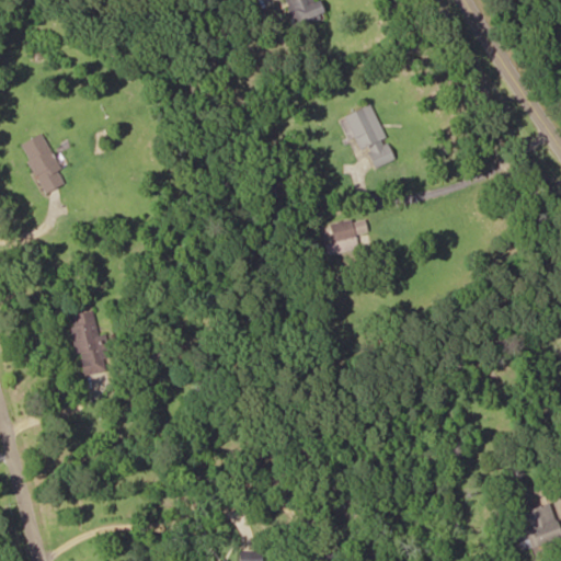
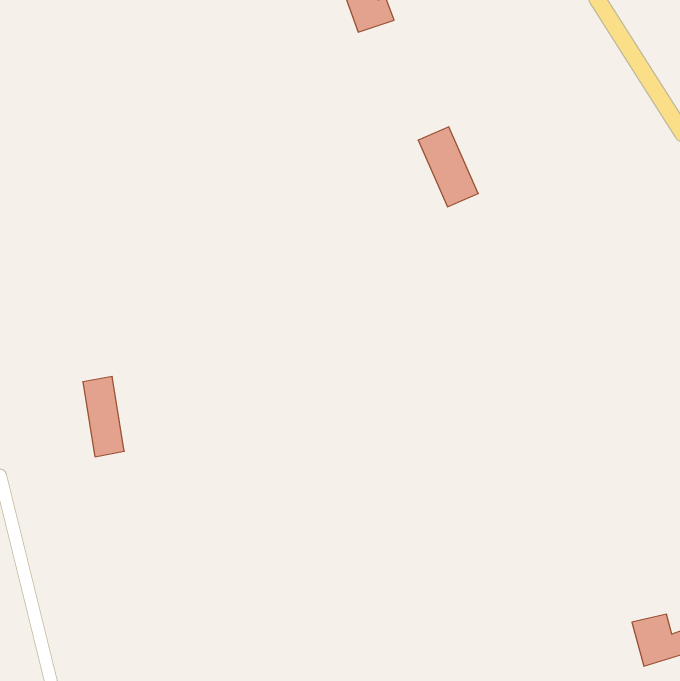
building: [20,134,66,192] -> none
building: [325,217,368,253] -> none

